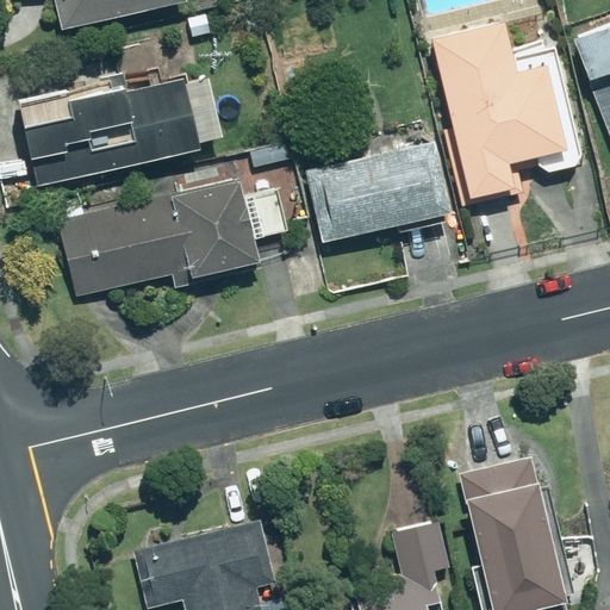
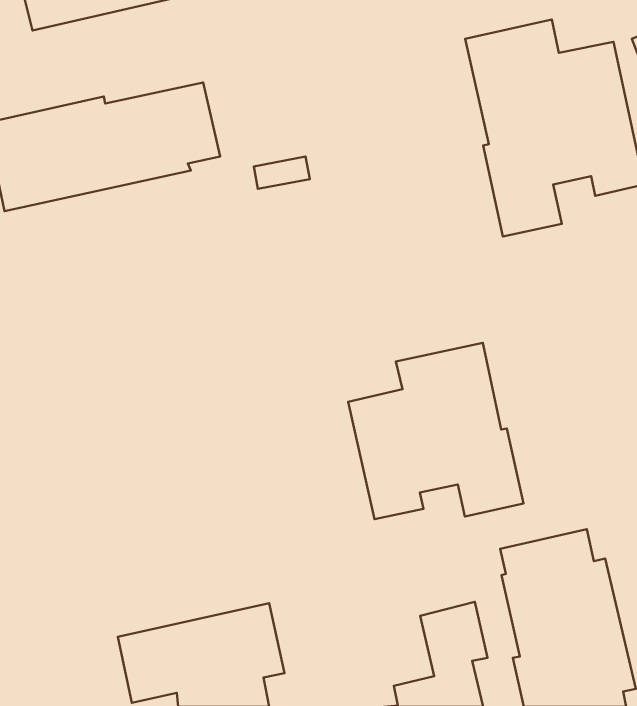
building: [305,142,448,243] -> none
building: [58,174,291,294] -> none
building: none -> [348,343,524,519]

